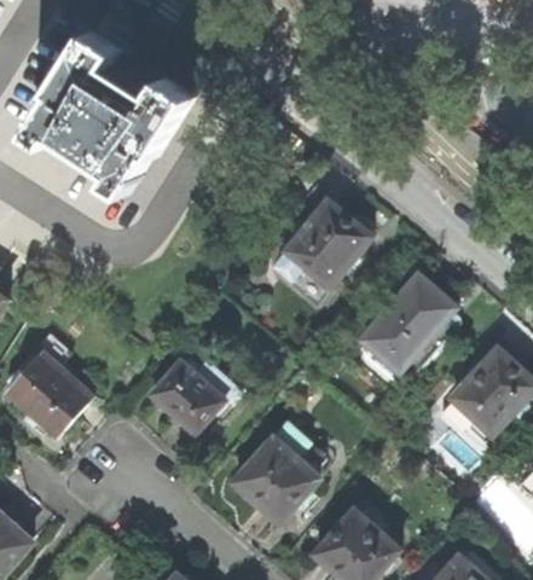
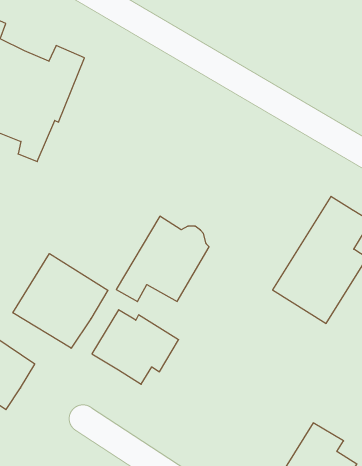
building: [271,198,371,286] -> [116,216,209,302]
building: none -> [13,254,108,348]
building: [233,422,324,521] -> none

